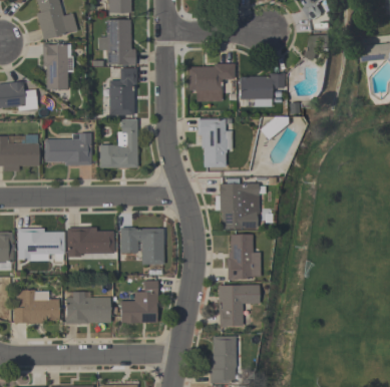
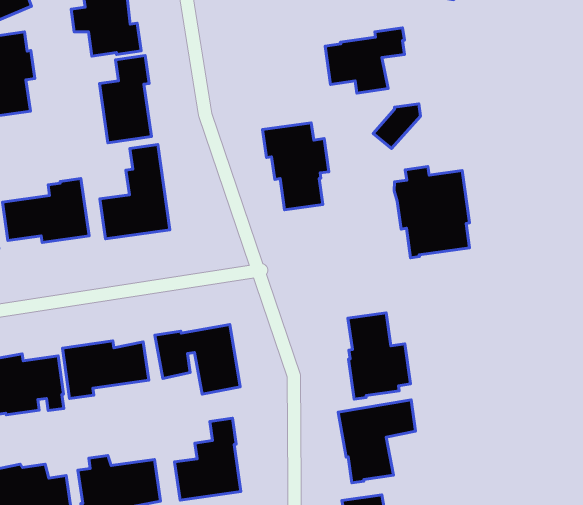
building: [188,64,235,102] -> none
building: [219,177,259,228] -> [394,167,470,258]

